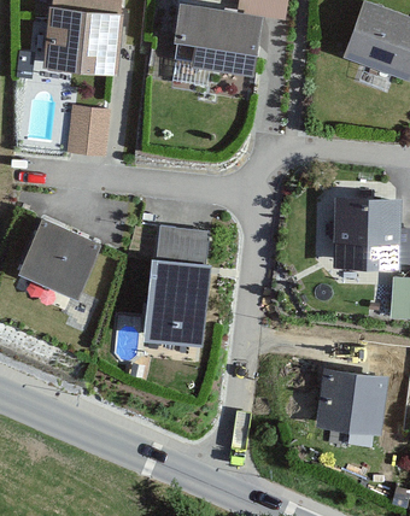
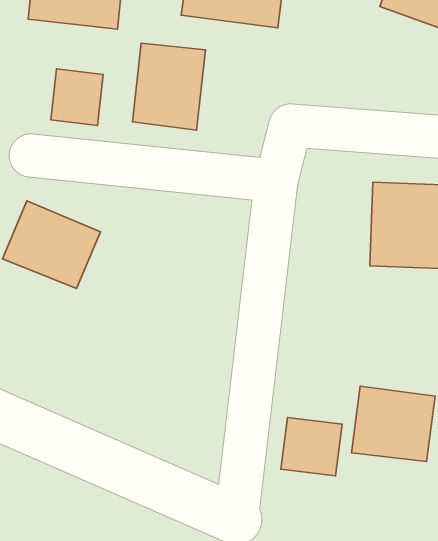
building: none -> [133,43,205,130]
building: [141,219,217,345] -> none
building: none -> [281,418,342,476]

